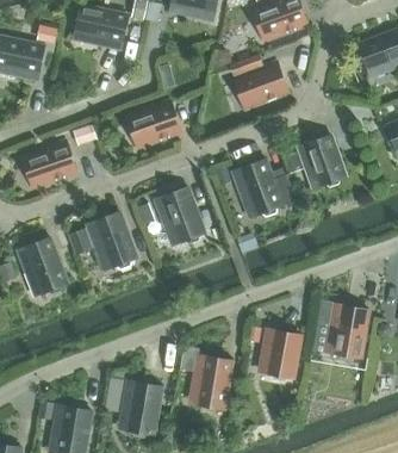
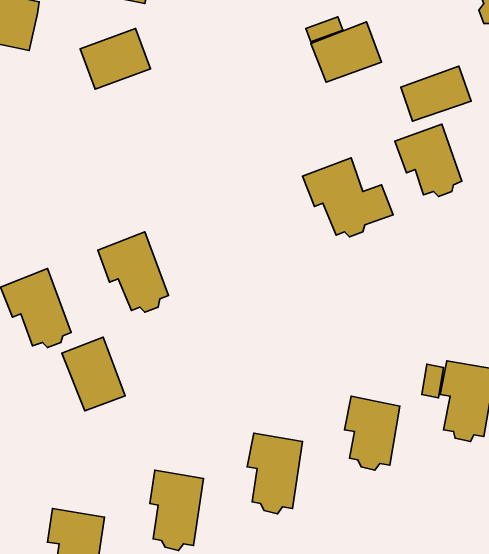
building: none -> [401,66,471,121]
building: [130,103,180,145] -> [80,29,151,89]
building: [26,143,75,185] -> none
building: [154,187,204,244] -> none
building: none -> [62,337,125,411]

